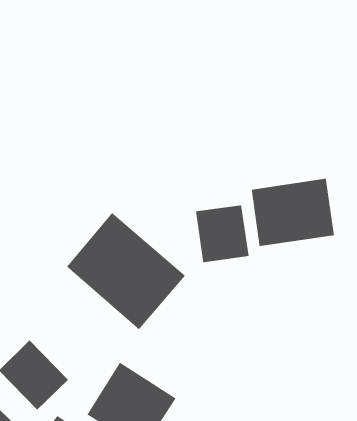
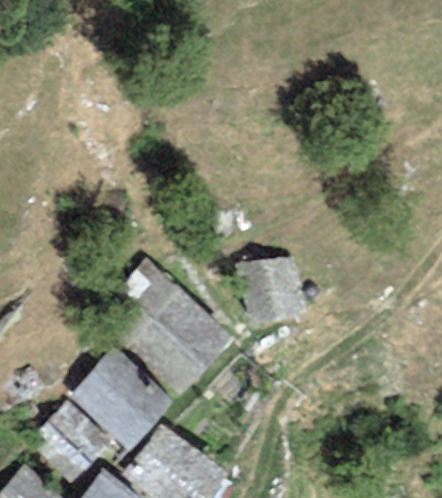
building: [251,178,335,247] -> none
building: none -> [76,348,167,439]

